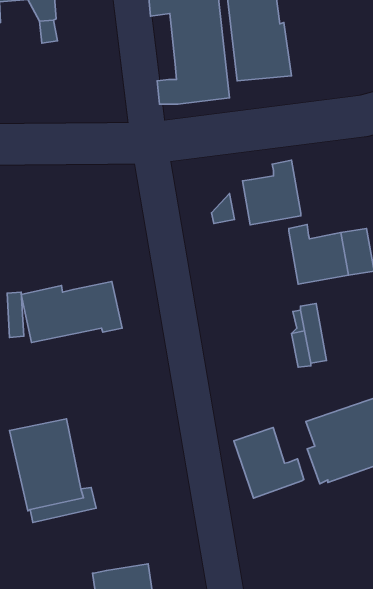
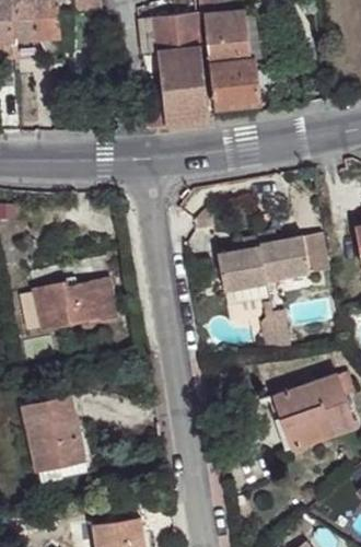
building: [242,160,301,225] -> [218,235,267,290]
building: [234,427,304,498] -> none

